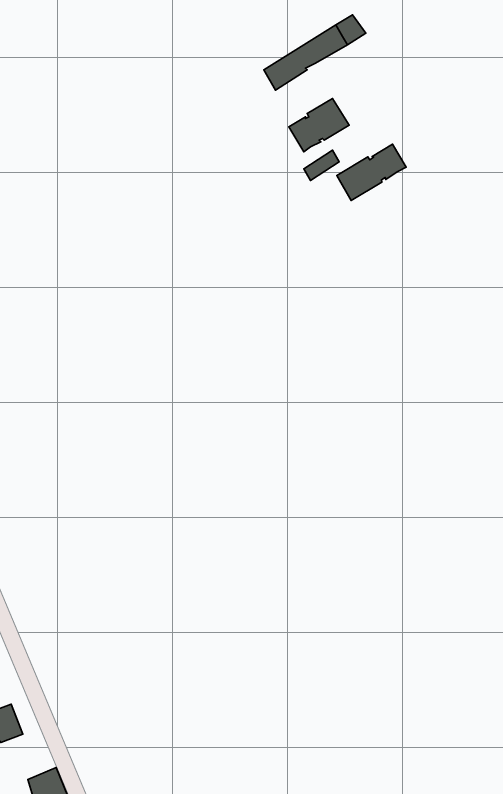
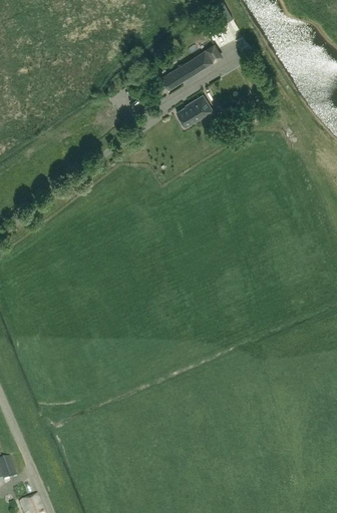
building: [337,144,406,201] -> none

